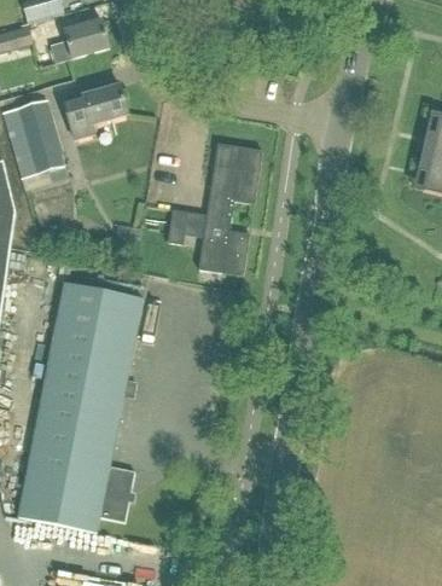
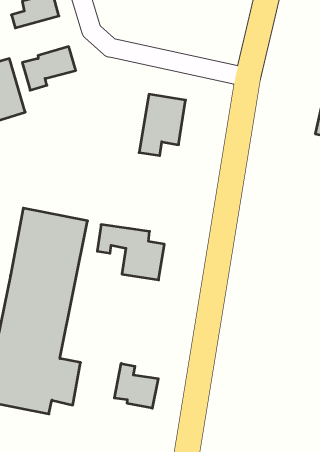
building: [167,209,249,277] -> [97,225,164,280]
building: none -> [114,363,158,408]

